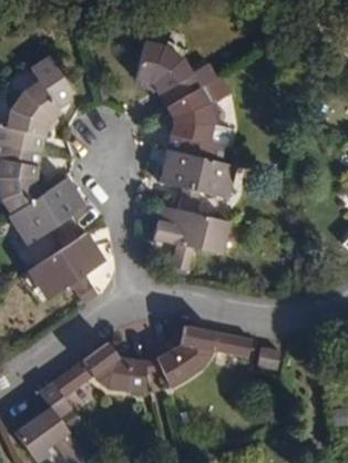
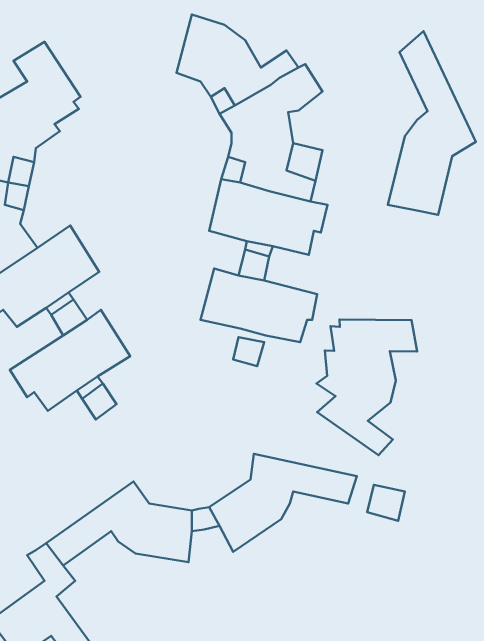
building: none -> [388,31,476,215]
building: none -> [317,319,417,455]

